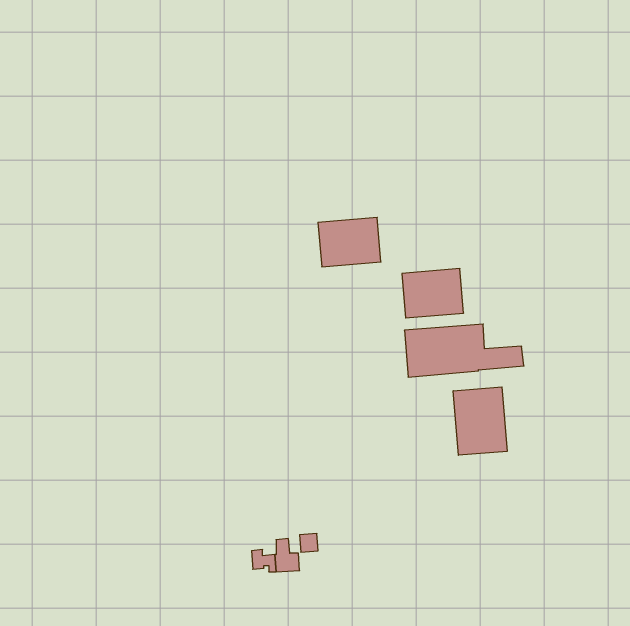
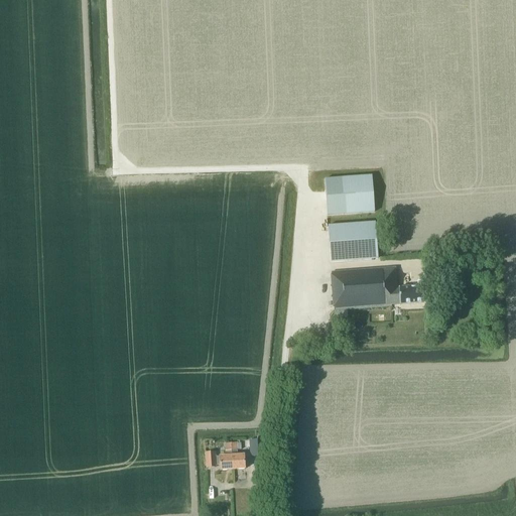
building: [318,217,381,267] -> [325,172,376,213]
building: [453,387,507,455] -> none

